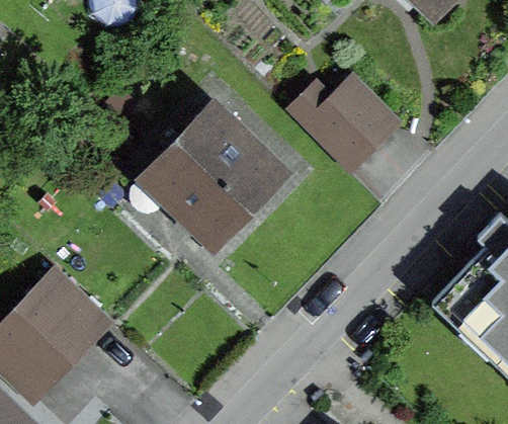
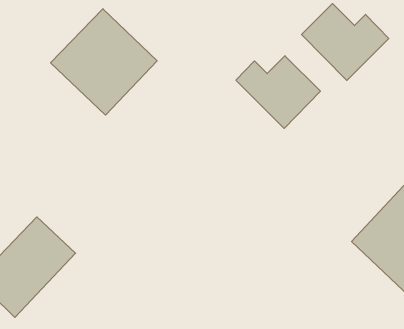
building: none -> [302,4,389,80]
building: [151,110,278,238] -> [51,9,157,115]

